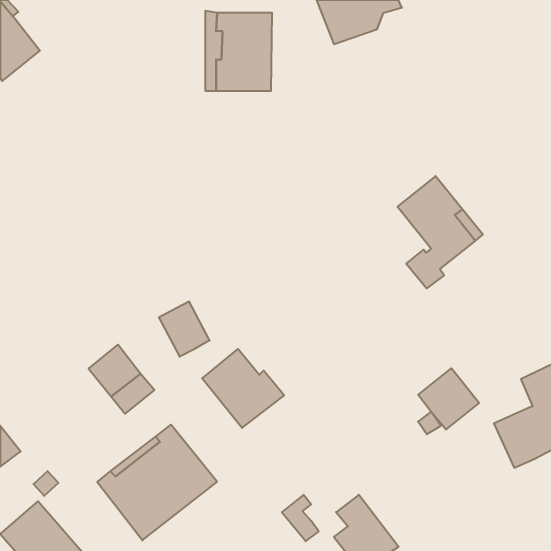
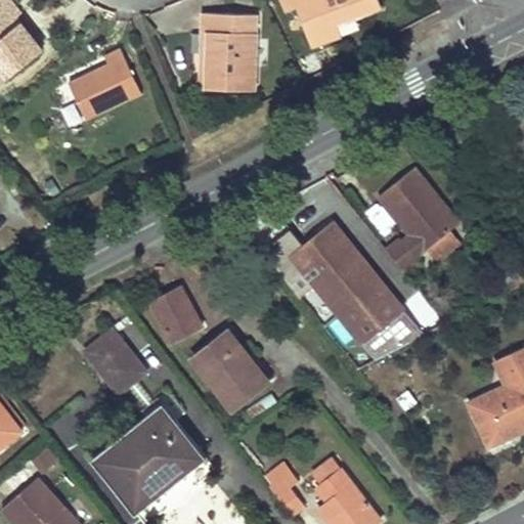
building: none -> [70,49,141,120]
building: none -> [261,221,421,359]
building: [418,368,479,430] -> none

